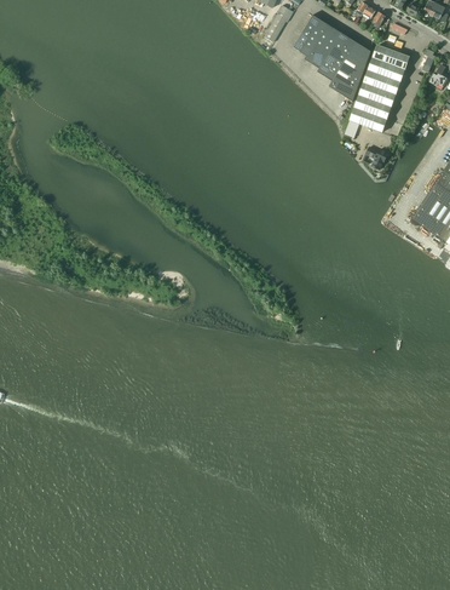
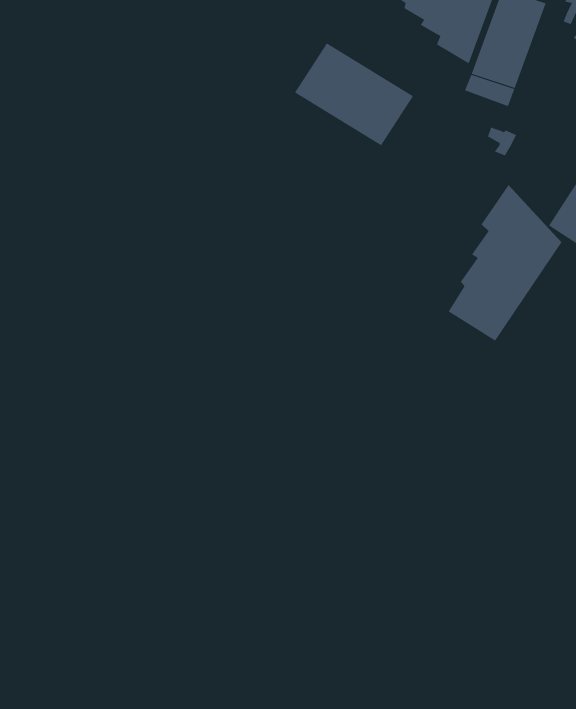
building: none -> [294,42,414,146]
building: none -> [448,184,562,341]

